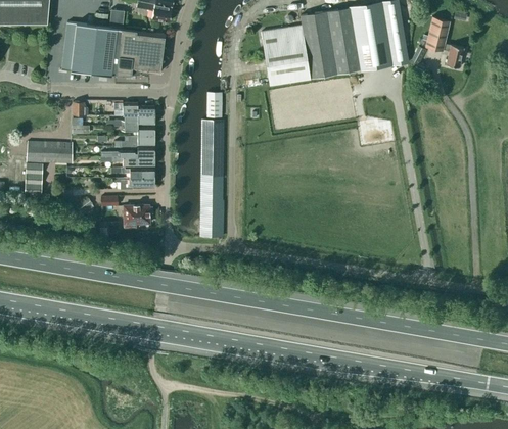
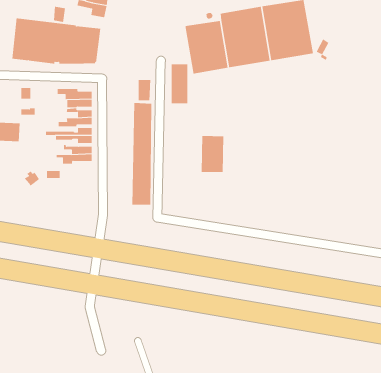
building: [425,16,464,67] -> none
building: none -> [171,63,188,104]
building: none -> [201,135,224,173]
building: [124,204,152,227] -> none

